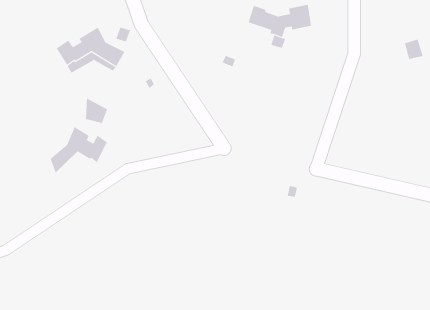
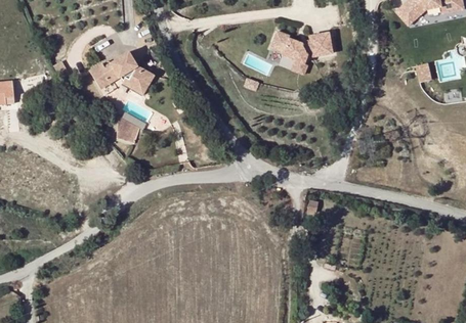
building: [50,126,107,174] -> none

